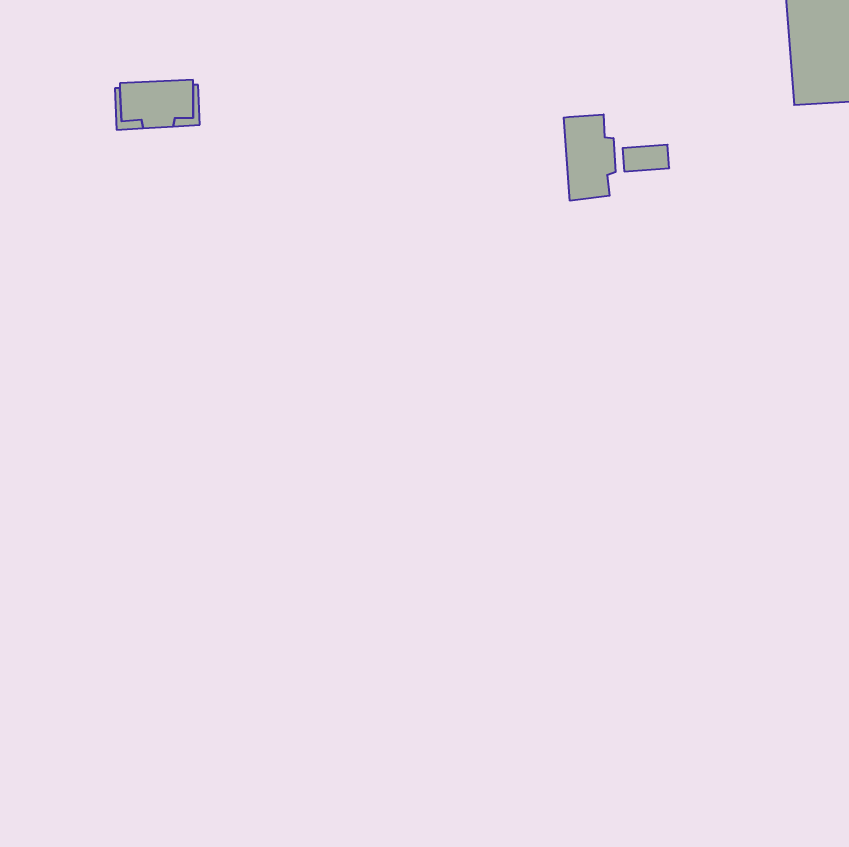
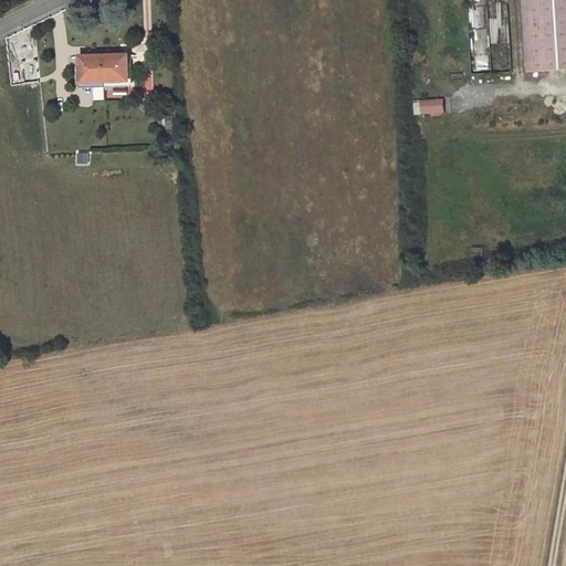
building: [564,114,616,201] -> none

